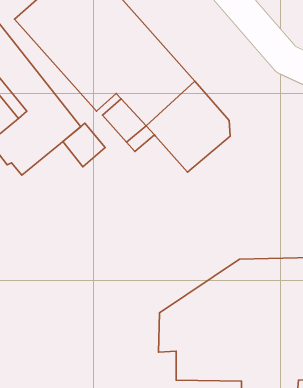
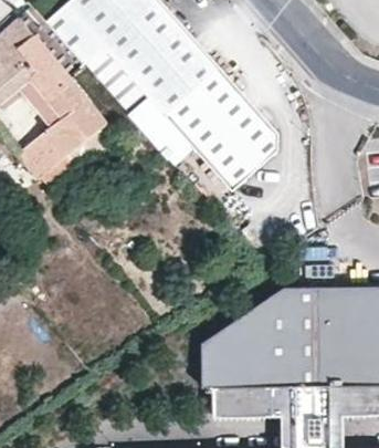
building: [63,123,105,167] -> none

